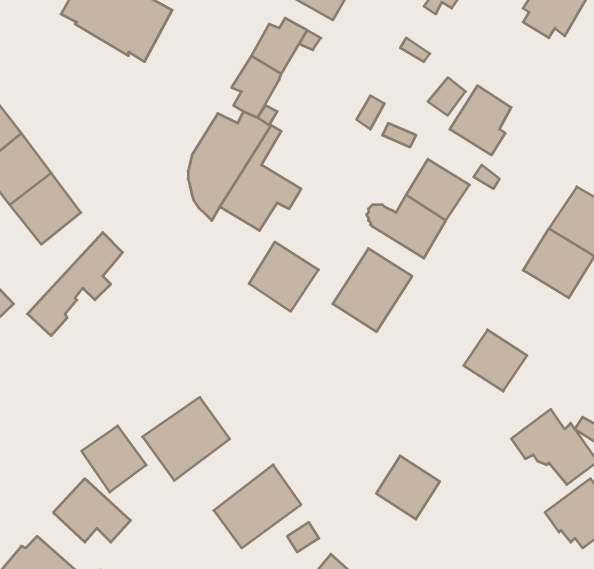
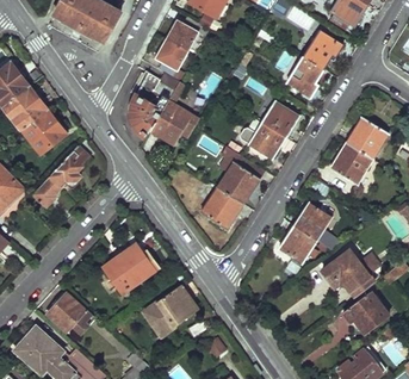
building: none -> [303,32,343,70]
building: [249,242,319,311] -> [200,188,242,230]
building: [82,426,146,492] -> none
building: [376,456,440,519] -> [280,225,318,263]

